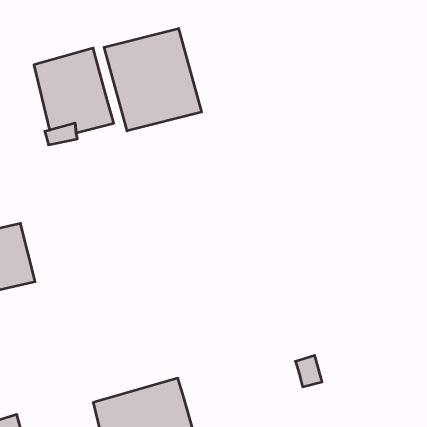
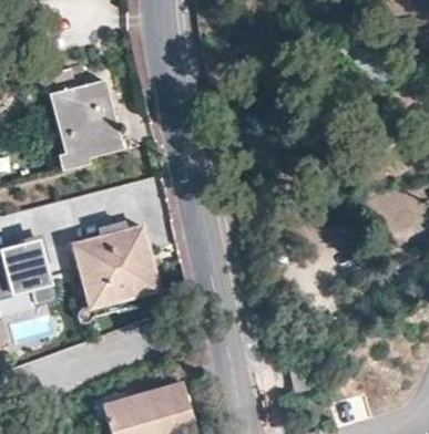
building: [104,28,202,131] -> none
building: none -> [76,226,161,308]

